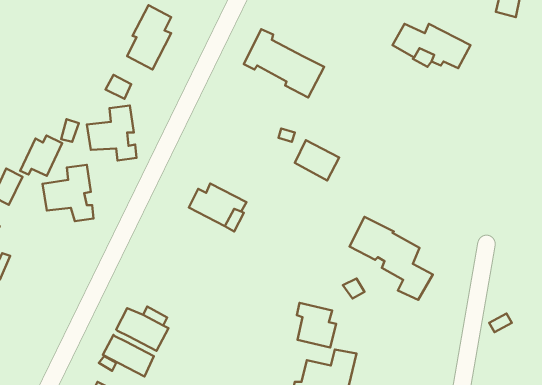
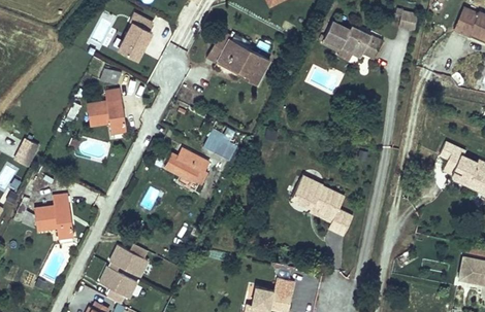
building: [20,135,62,176] -> none
building: [295,140,339,180] -> [204,129,238,160]
building: [43,165,94,221] -> [33,195,72,238]
building: [297,303,336,348] -> none

